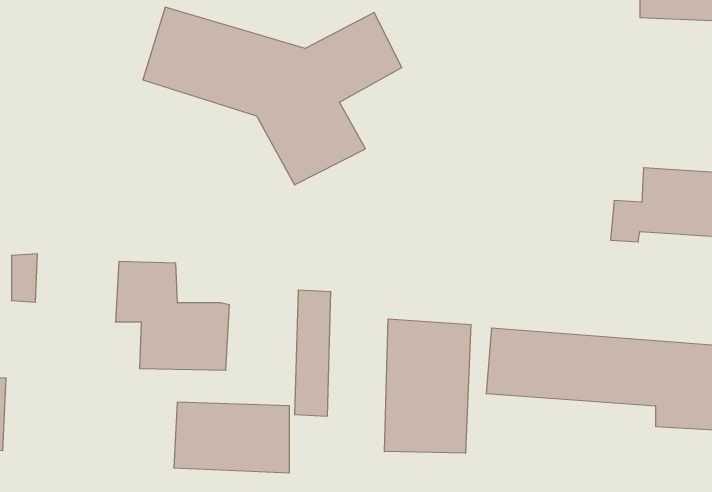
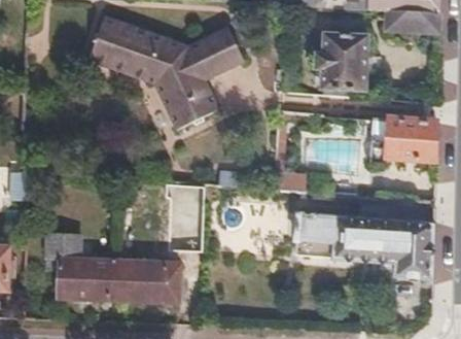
building: none -> [317,34,366,89]
building: [115,262,229,370] -> [43,233,111,298]
building: [385,319,471,453] -> none

